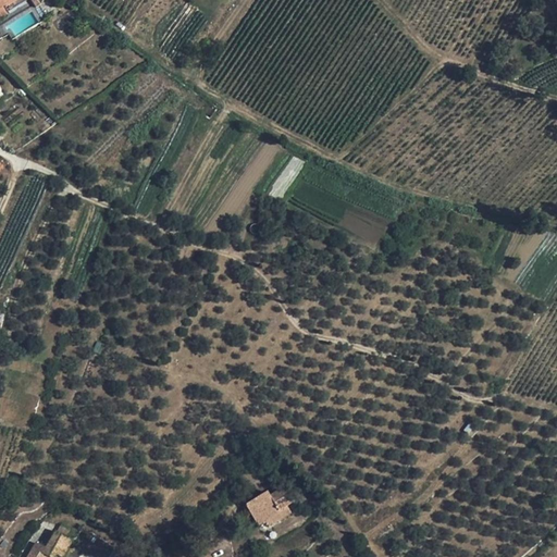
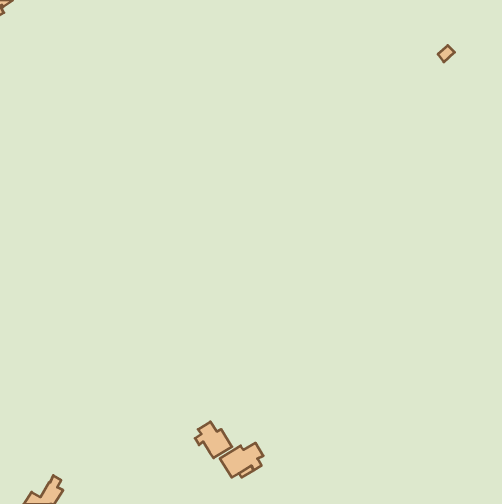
building: none -> [195,422,232,458]

